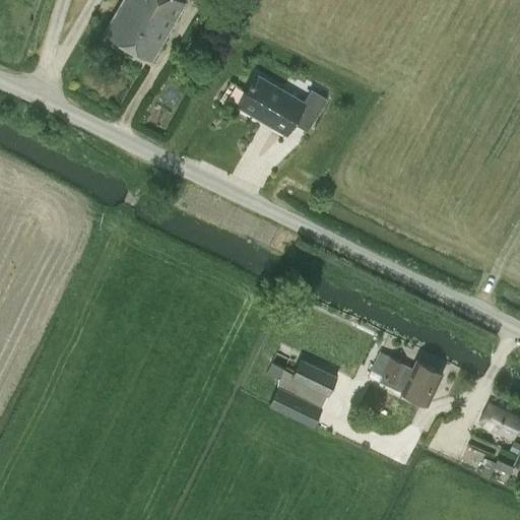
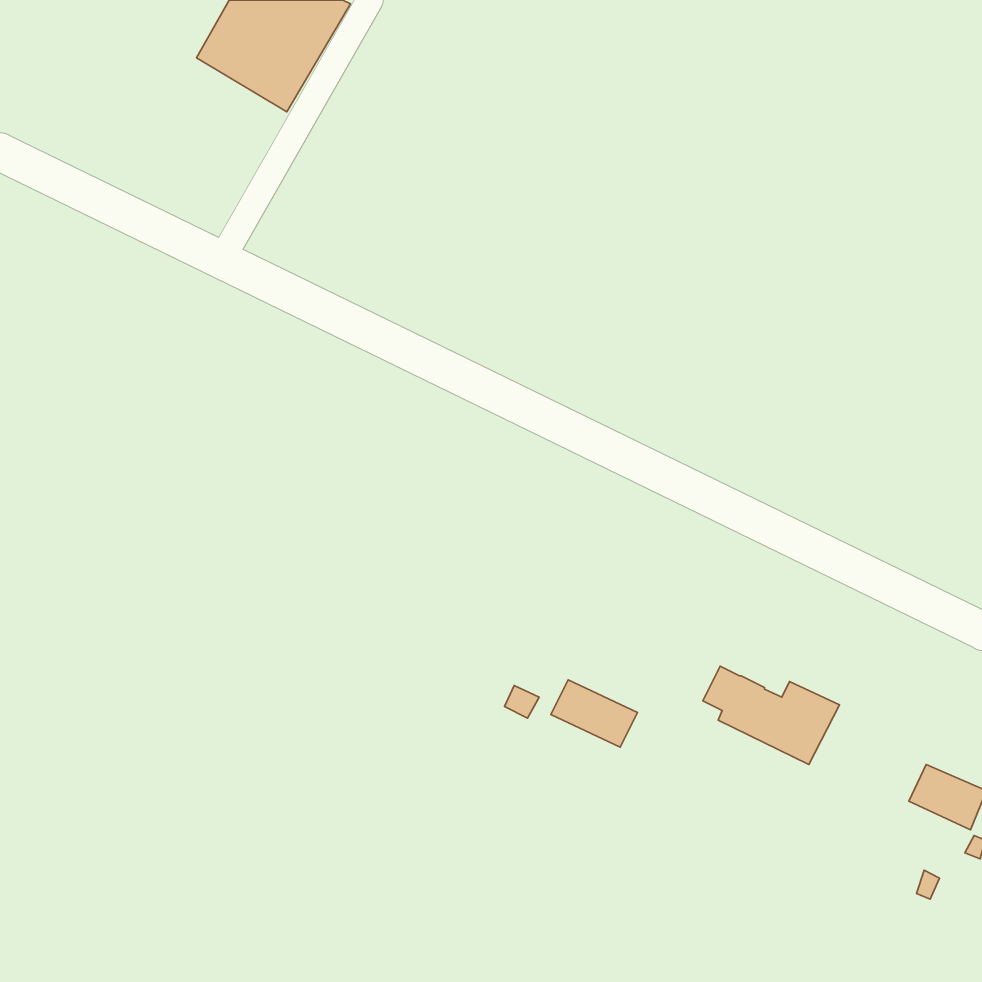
building: [238,74,327,135] -> none
building: [270,387,322,427] -> none

